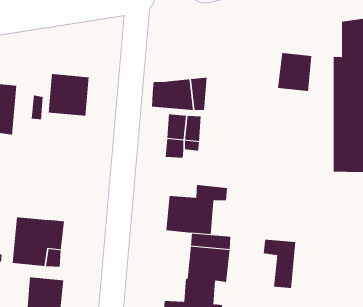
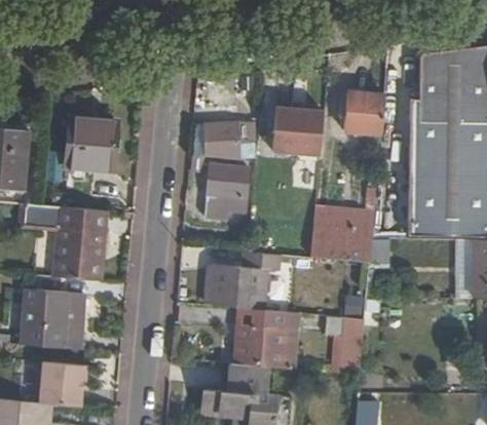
building: none -> [271,104,324,155]
building: none -> [310,203,375,262]
building: none -> [27,204,109,280]

